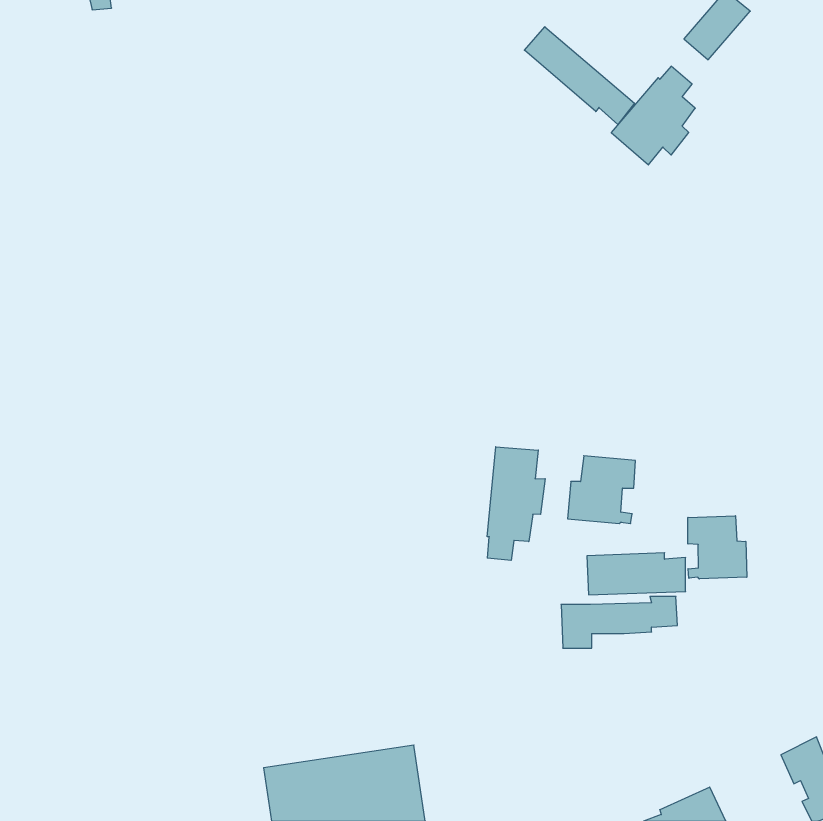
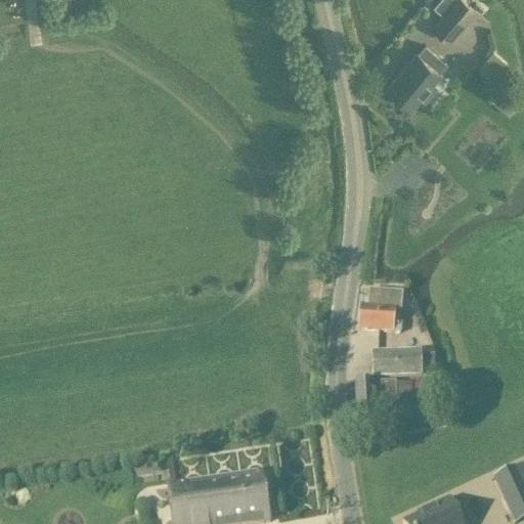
building: [524,27,634,125] -> none
building: [487,447,545,560] -> none
building: [688,516,747,579] -> none

